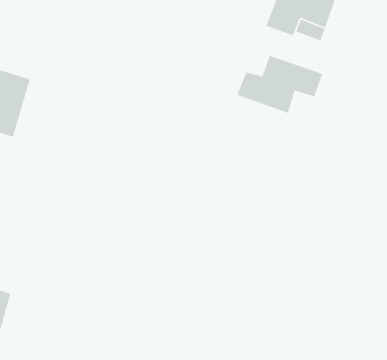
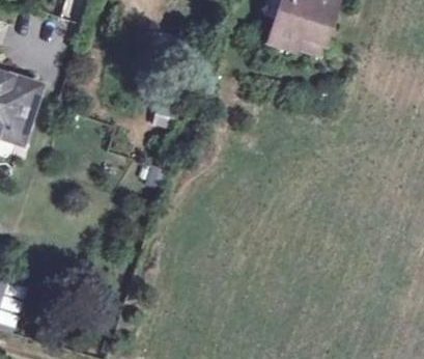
building: [236,55,323,114] -> none

